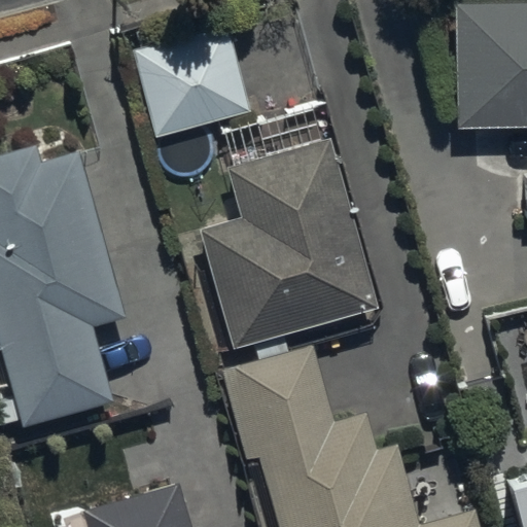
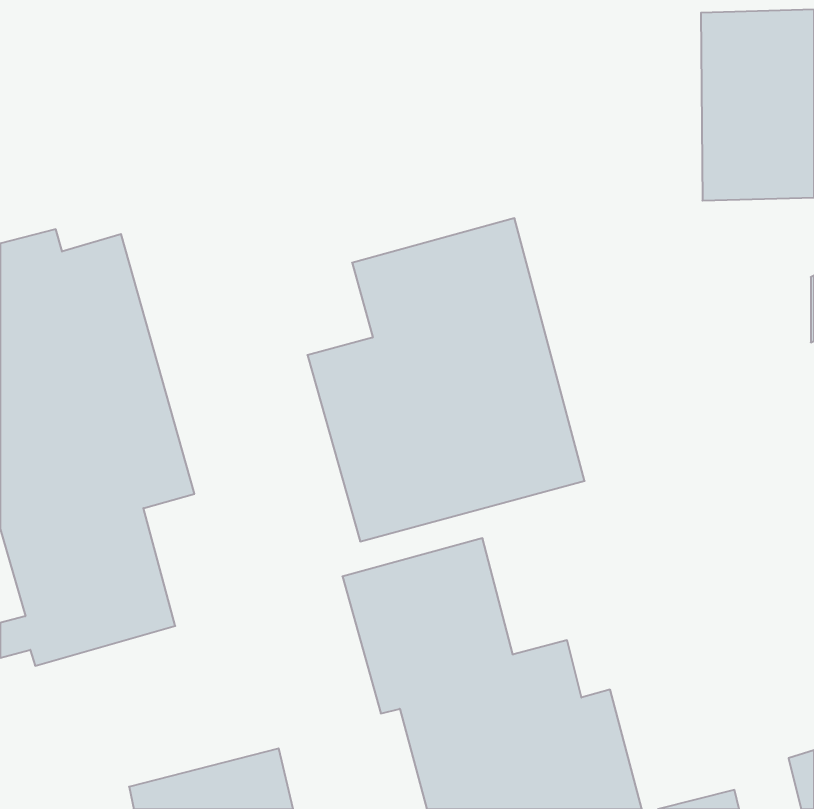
building: [132,27,248,138] -> none

